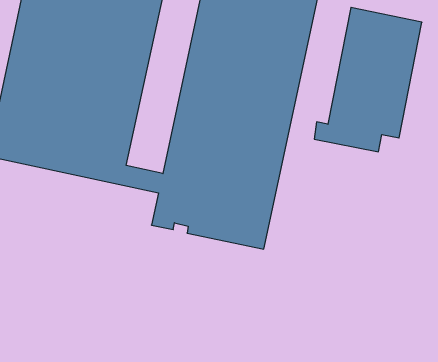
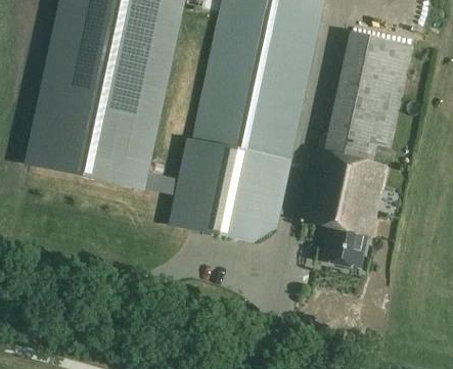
building: none -> [300,147,386,269]

